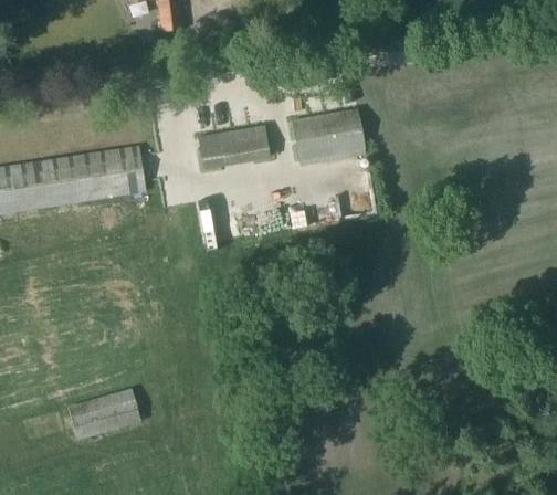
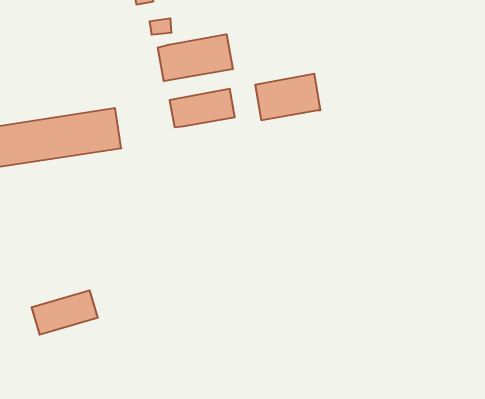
building: none -> [158,34,233,81]
building: [66,390,139,439] -> [31,290,98,335]

